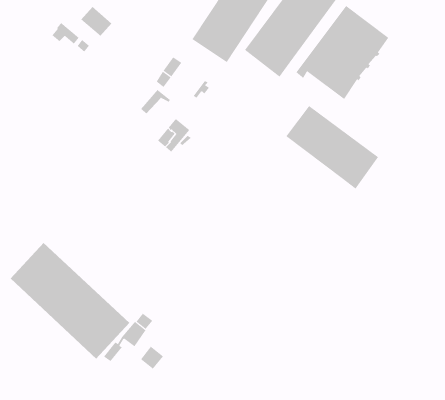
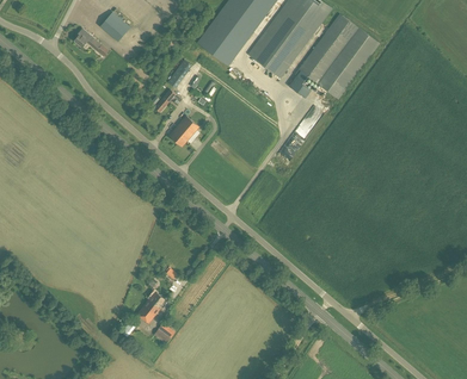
building: [286,105,379,189] -> none
building: [10,242,130,359] -> none

